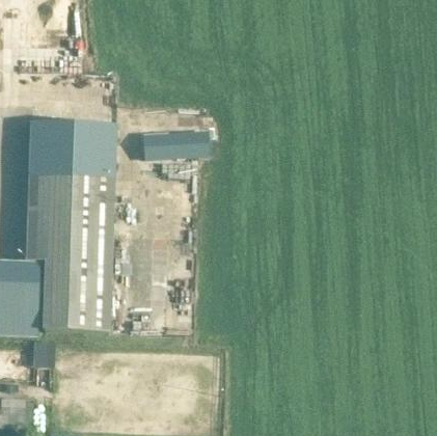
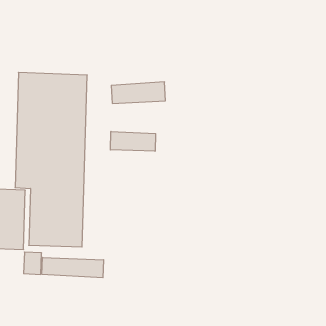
building: none -> [110,131,156,151]
building: none -> [42,257,104,278]

